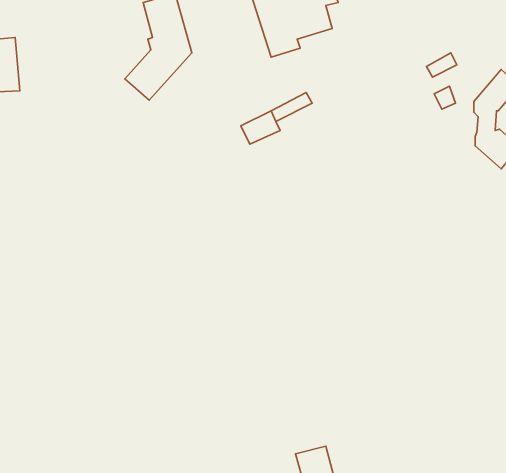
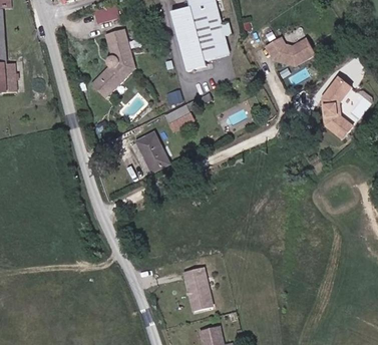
building: none -> [263,36,314,66]
building: none -> [131,131,167,174]
building: none -> [180,264,213,309]

